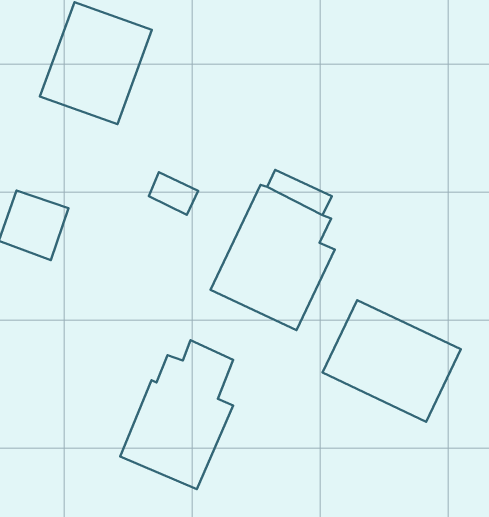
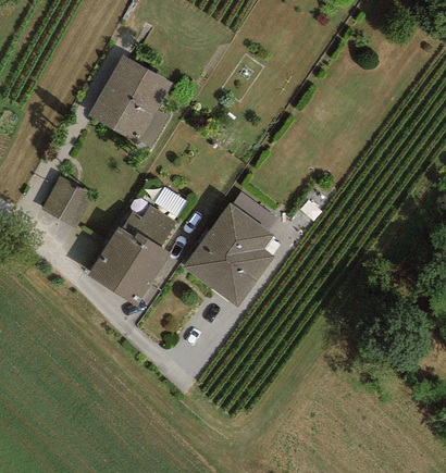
building: [322,300,461,422] -> none
building: [120,340,233,489] -> [88,203,177,307]

